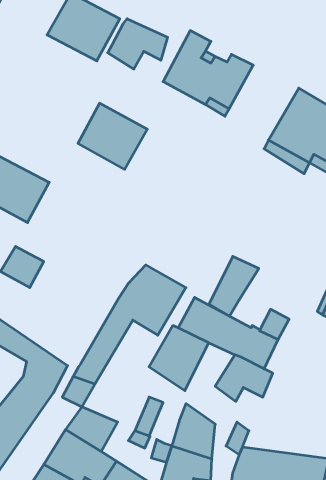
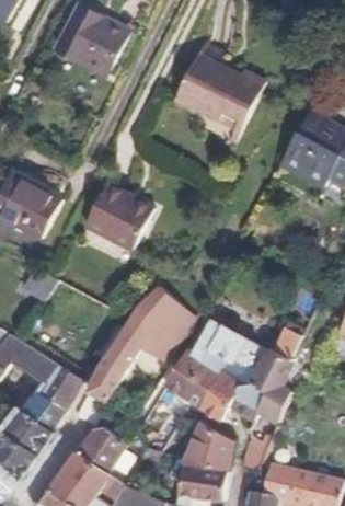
building: [108,19,168,69] -> none
building: [78,103,147,169] -> [84,180,154,246]
building: [209,256,259,316] -> [198,360,249,421]

